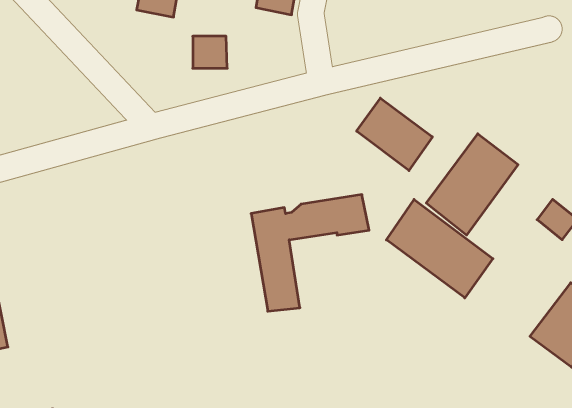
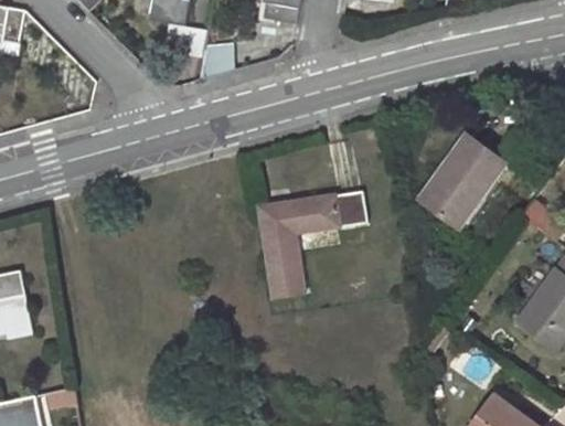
building: [357,98,432,171] -> none
building: [386,199,493,298] -> none

